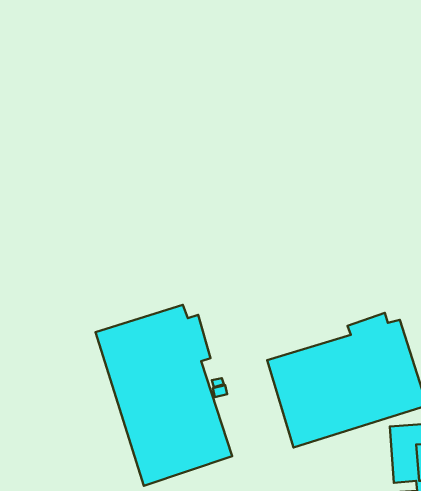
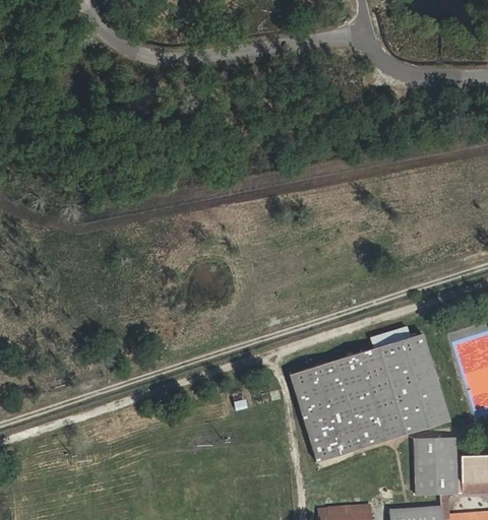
building: [95,305,232,486] -> none

